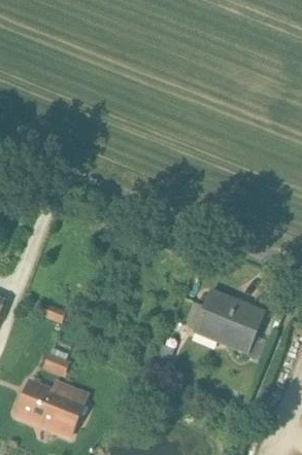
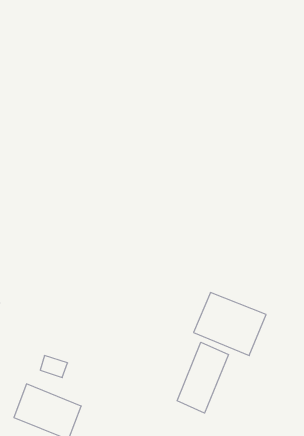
building: none -> [177,342,228,413]

